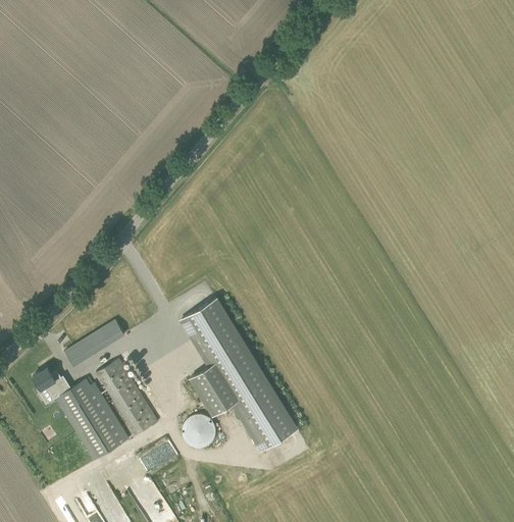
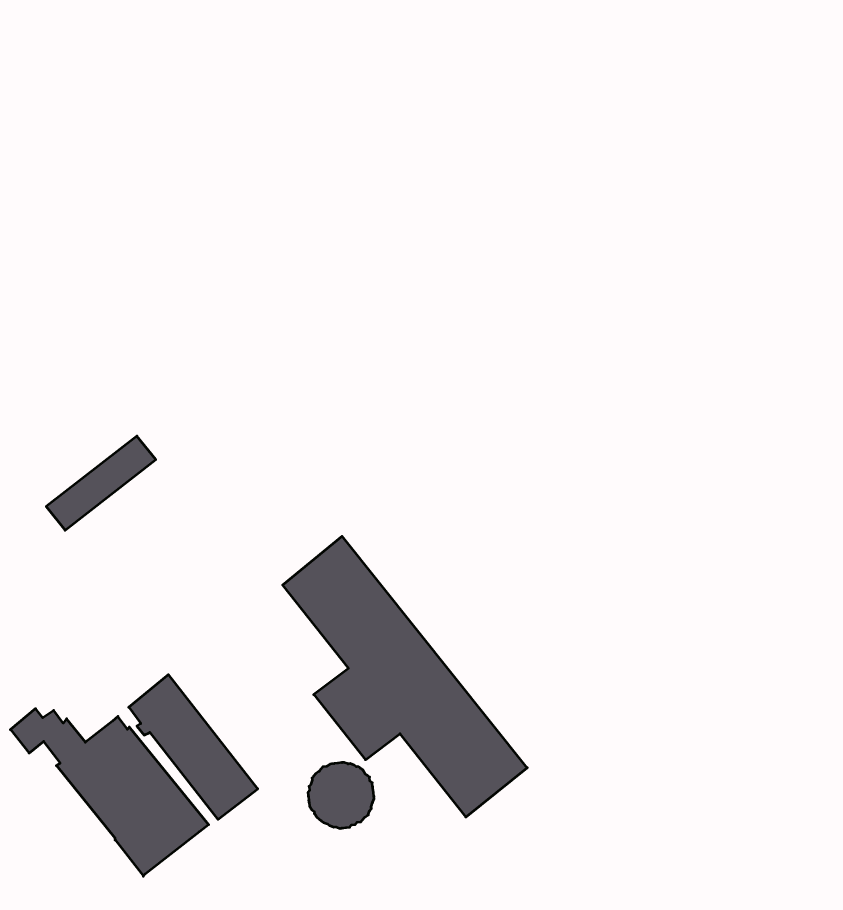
building: [65,320,124,364] -> [46,436,156,530]
building: [144,440,178,470] -> none

